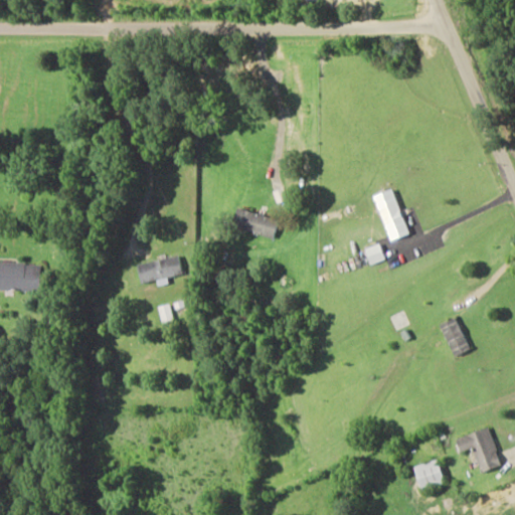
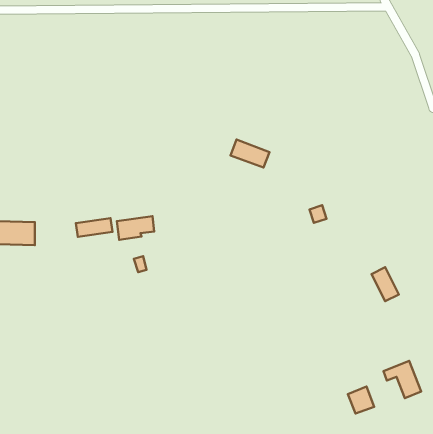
building: [373,188,408,240] -> none
building: [232,206,279,239] -> [230,139,270,168]
building: none -> [76,218,112,237]

